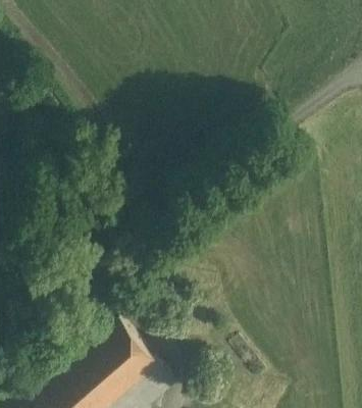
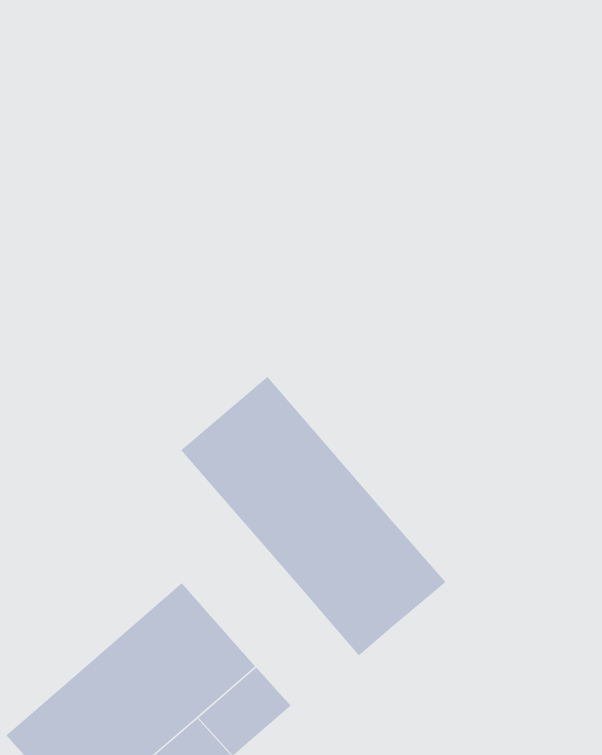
building: none -> [180,376,446,656]

